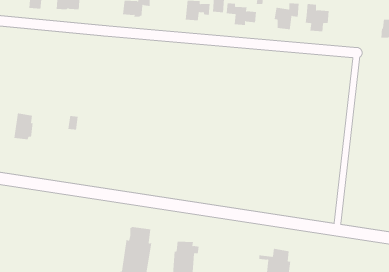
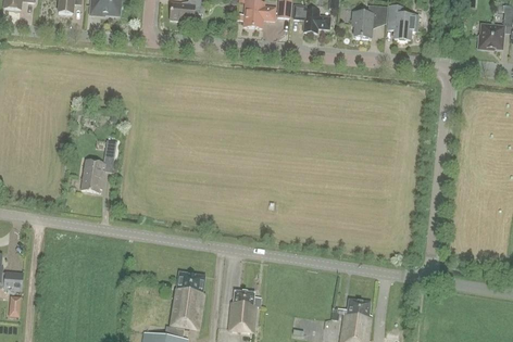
building: [14,113,34,140] -> [80,157,104,190]

